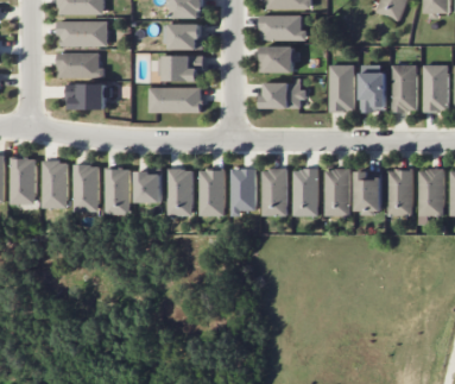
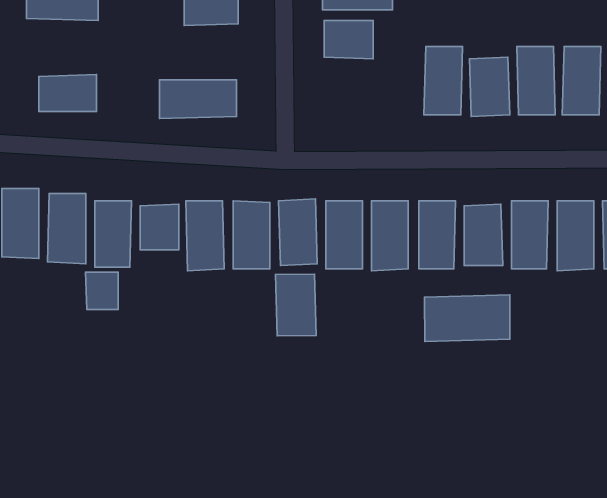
building: [58,52,106,77] -> none
building: [162,55,204,81] -> none
building: [260,81,304,108] -> none
building: none -> [85,272,118,310]
building: none -> [276,274,316,336]
building: none -> [425,295,510,342]

